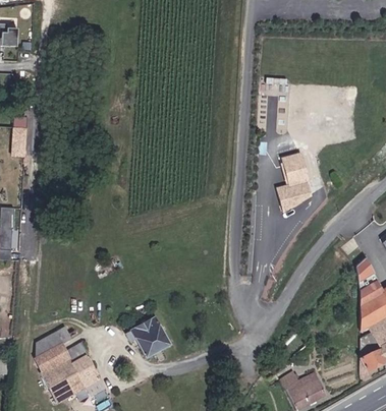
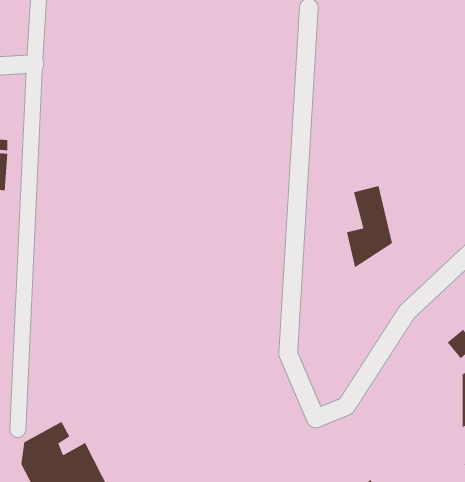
building: [128,315,169,358] -> none

